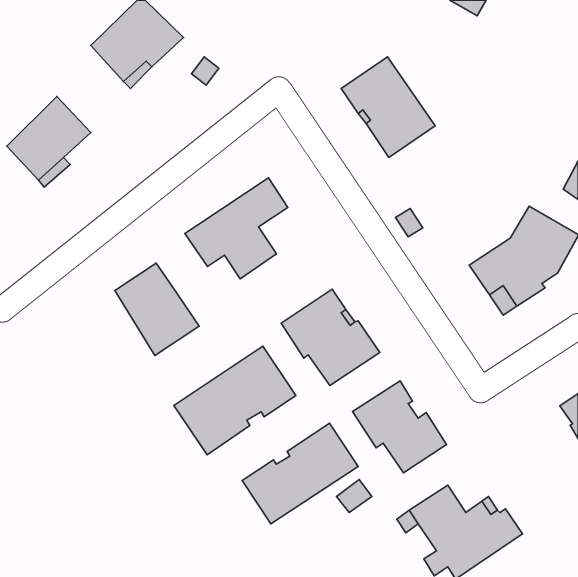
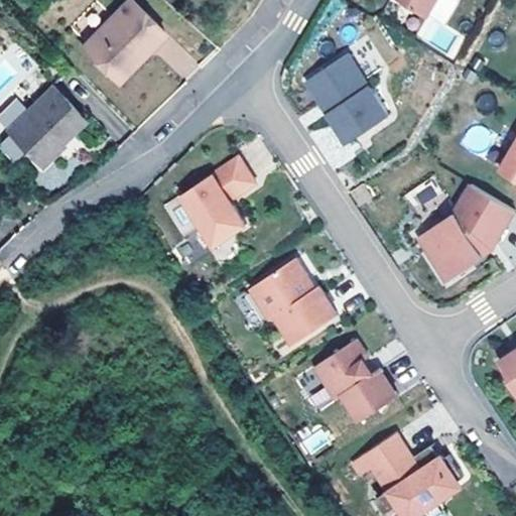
building: [115,263,199,355] -> none
building: [174,346,296,455] -> none
building: [242,423,358,524] -> none

